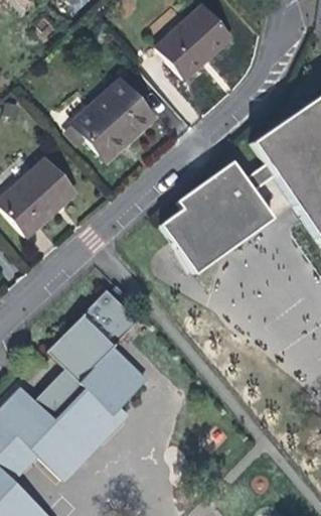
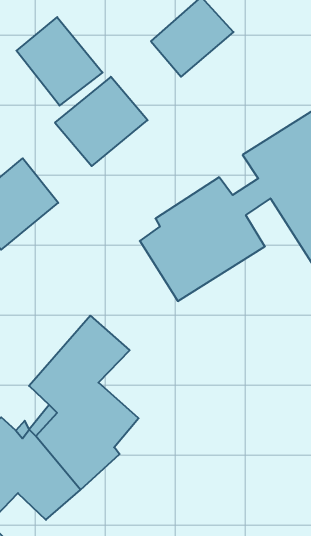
building: none -> [16,17,103,106]

